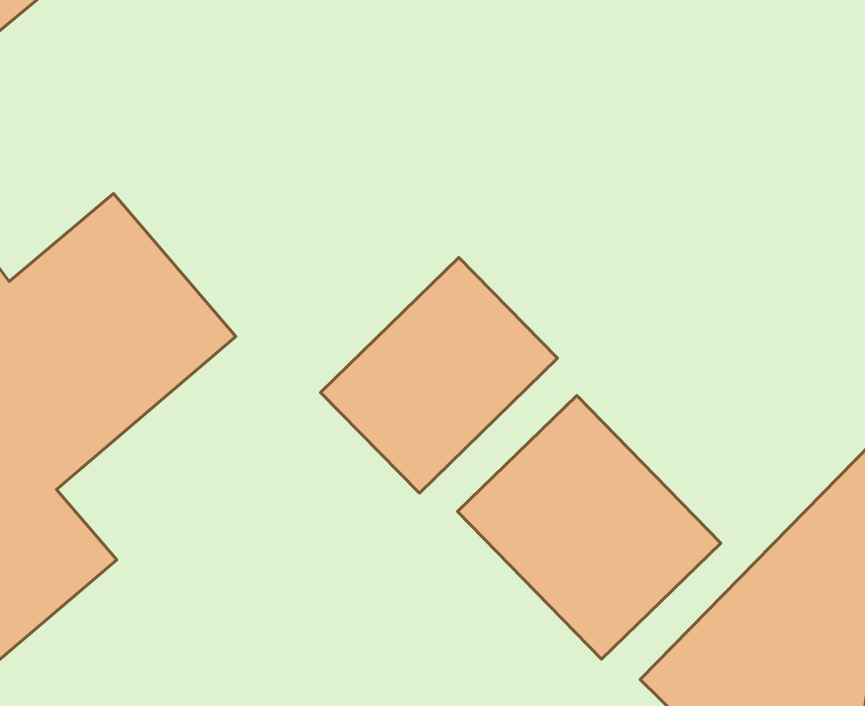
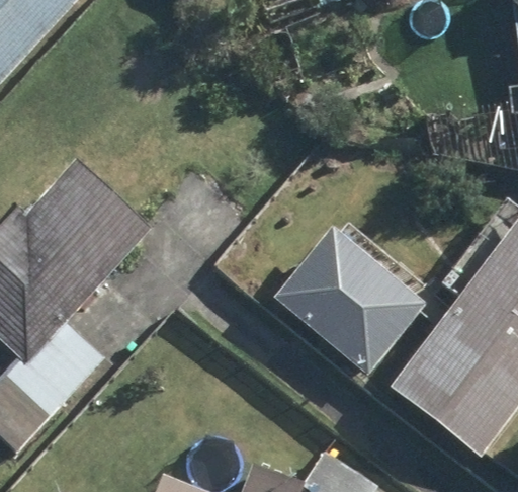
building: [321,258,558,493] -> none

